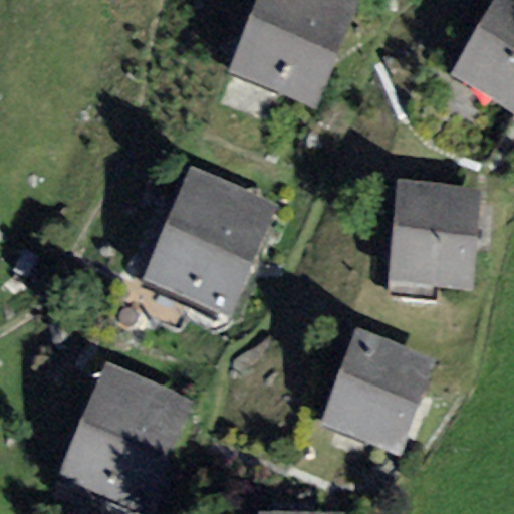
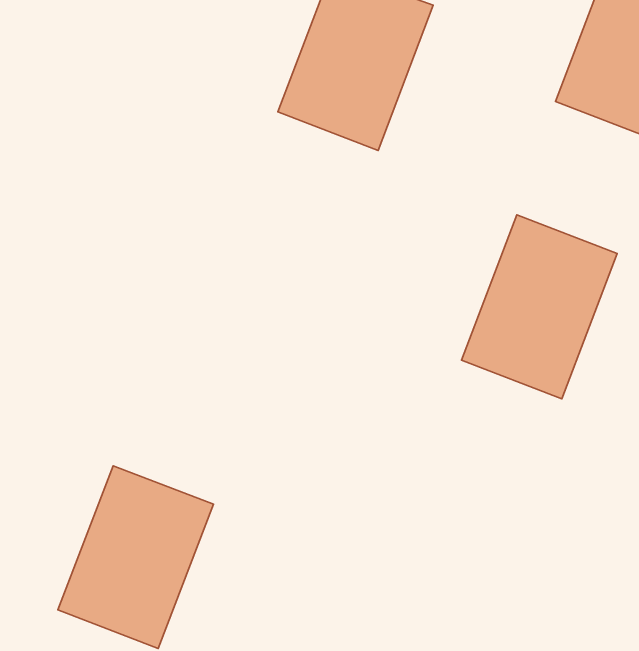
building: [146,168,268,310] -> none
building: [318,316,440,459] -> none

